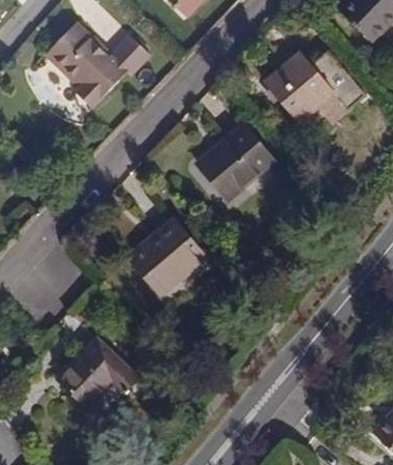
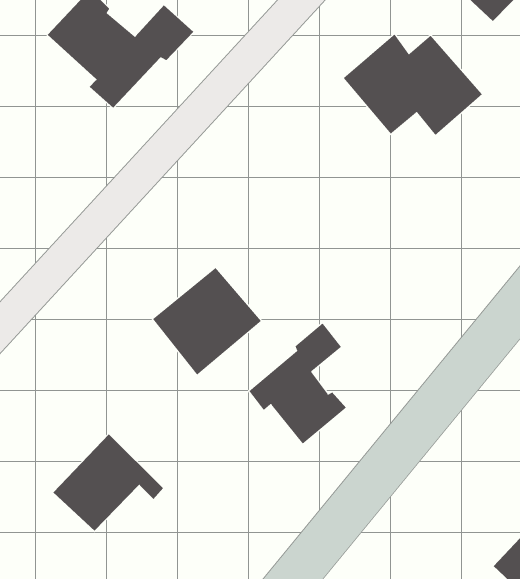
building: [198,124,274,201] -> none
building: none -> [249,323,347,445]

